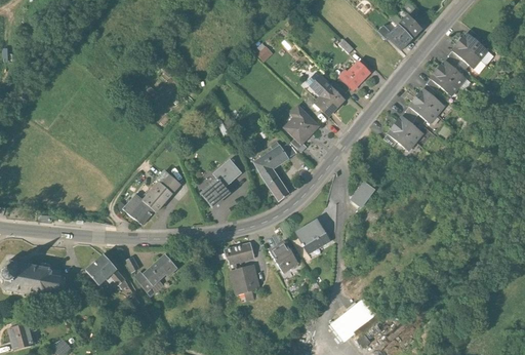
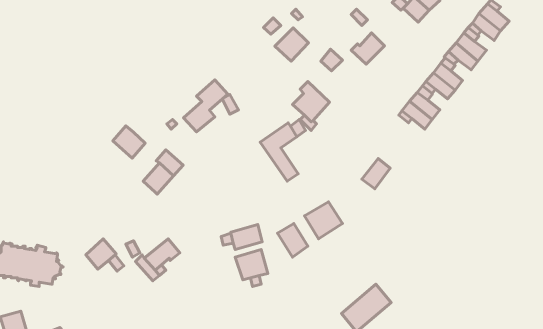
building: [313,85,345,117] -> [275,28,308,61]
building: [199,159,241,208] -> [183,80,228,132]
building: [122,194,153,225] -> [113,126,145,158]

